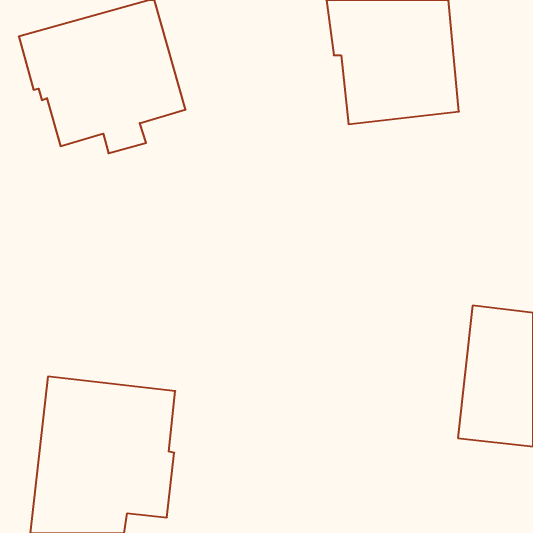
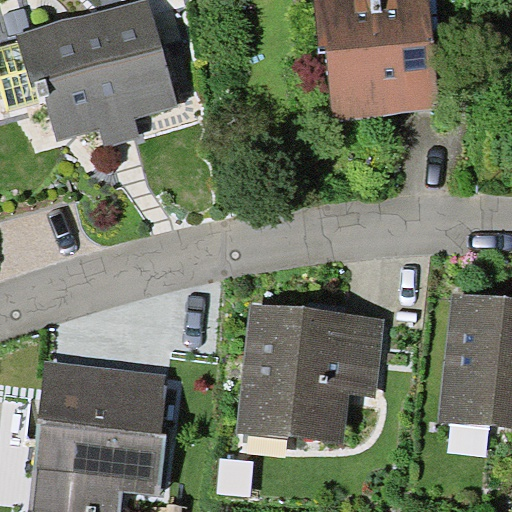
building: none -> [237,305,386,445]

